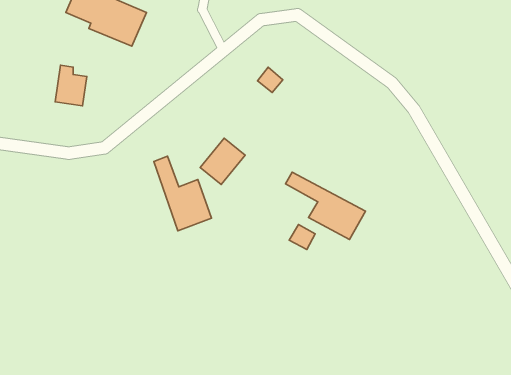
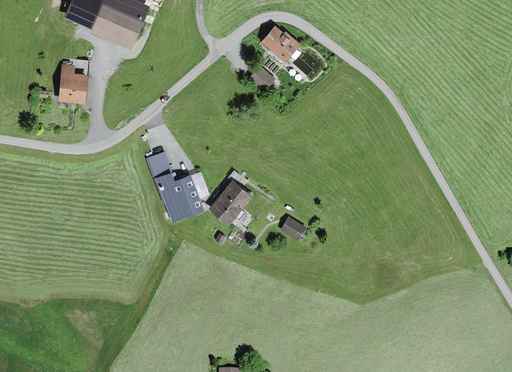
building: none -> [260,25,299,62]
building: [200,138,245,184] -> [208,180,251,224]
building: [286,172,366,239] -> none

